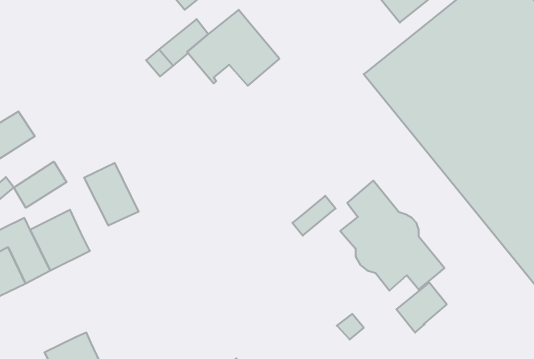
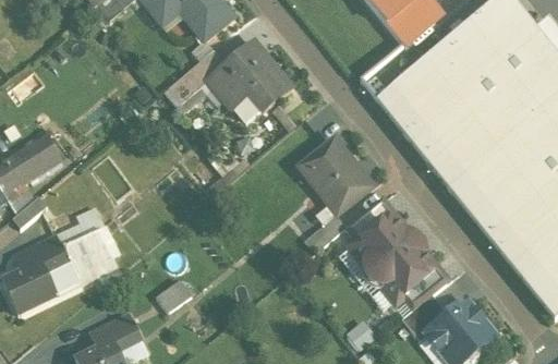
building: none -> [300,134,374,211]
building: [14,162,67,208] -> none
building: [84,163,138,226] -> none
building: none -> [157,275,194,310]
building: none -> [427,302,494,359]
building: none -> [96,312,142,349]

